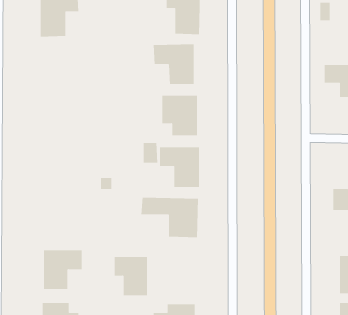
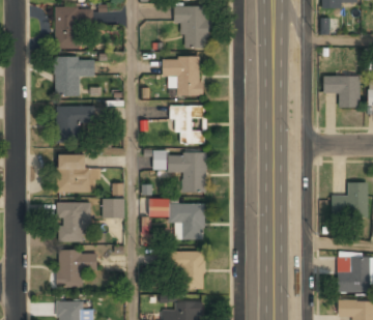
building: none -> [54,58,94,95]
building: none -> [56,107,93,142]
building: none -> [57,155,96,193]
building: none -> [102,199,123,217]
building: none -> [58,203,90,243]
building: [114,256,148,296] -> [172,252,204,289]

